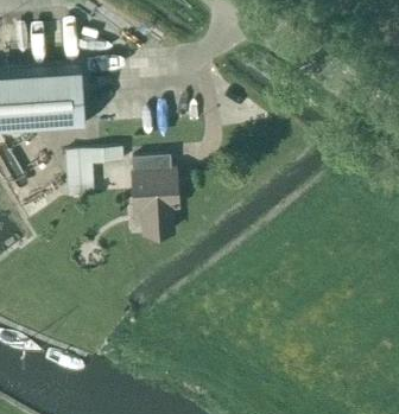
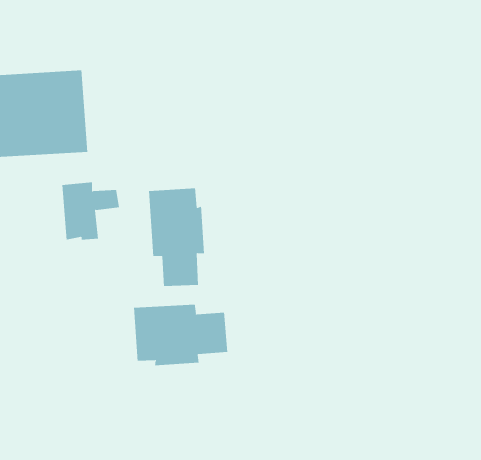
building: none -> [134,304,228,366]

